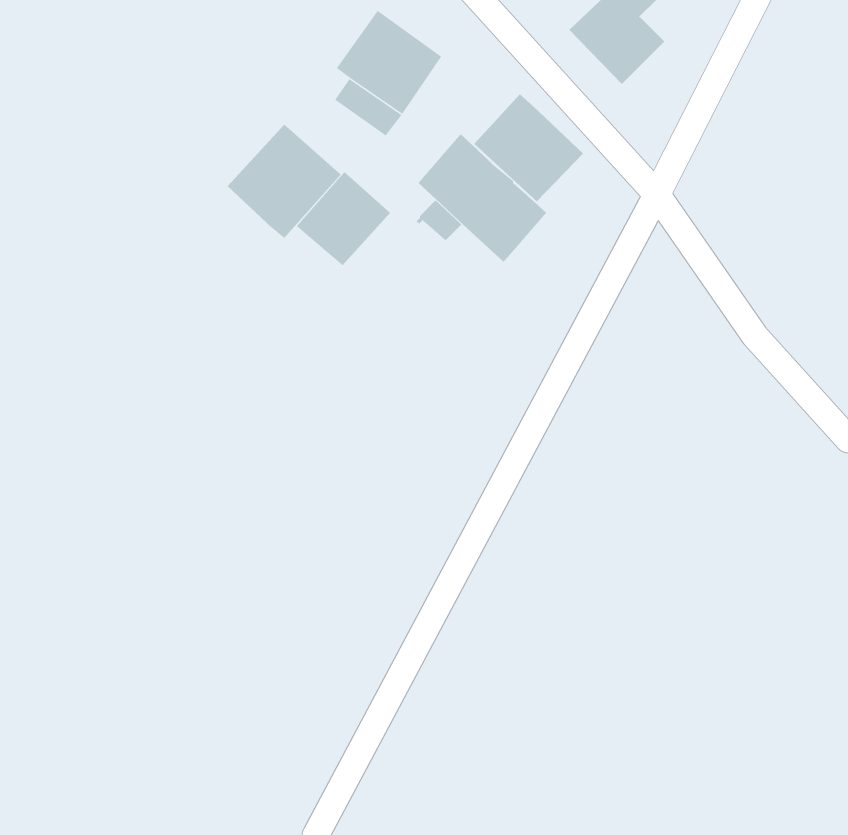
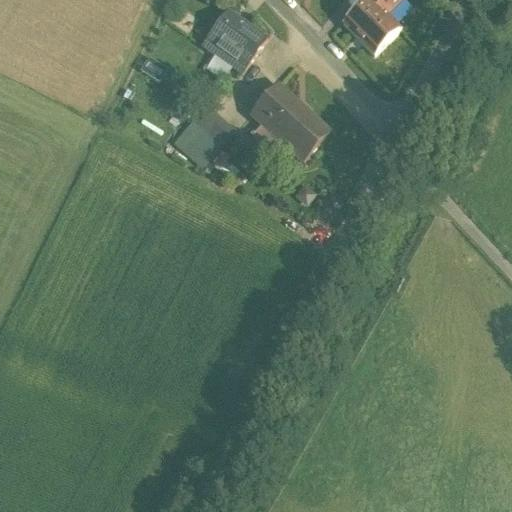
building: [473,94,584,202] -> none
building: [227,124,341,239] -> none

